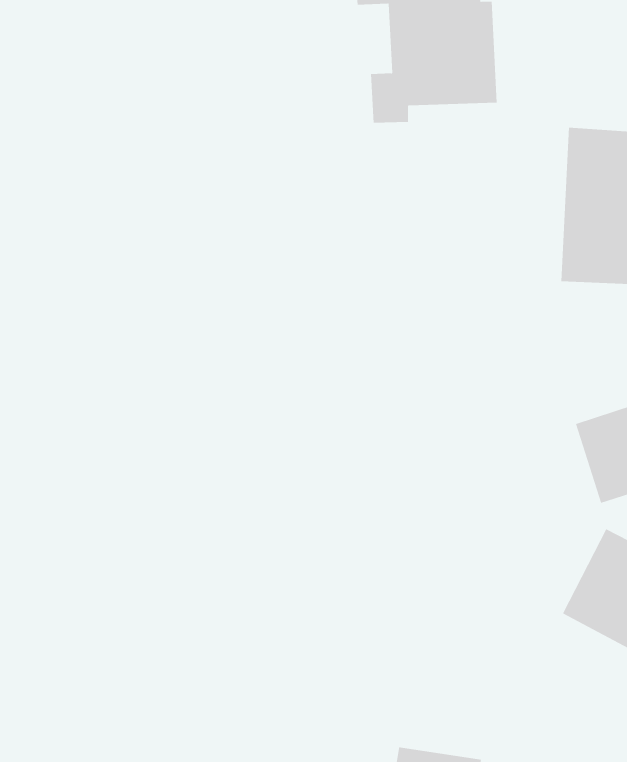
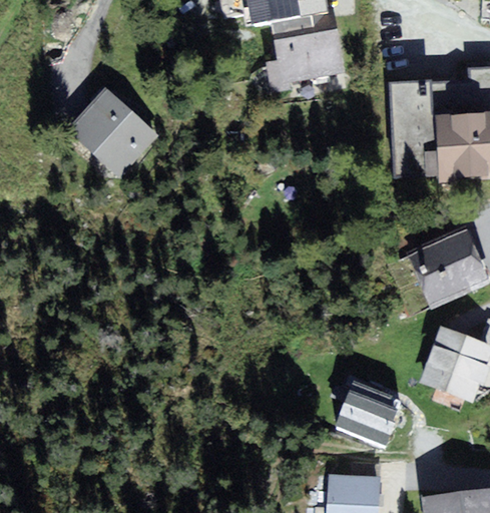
building: none -> [66,86,158,177]
building: none -> [333,380,402,448]

